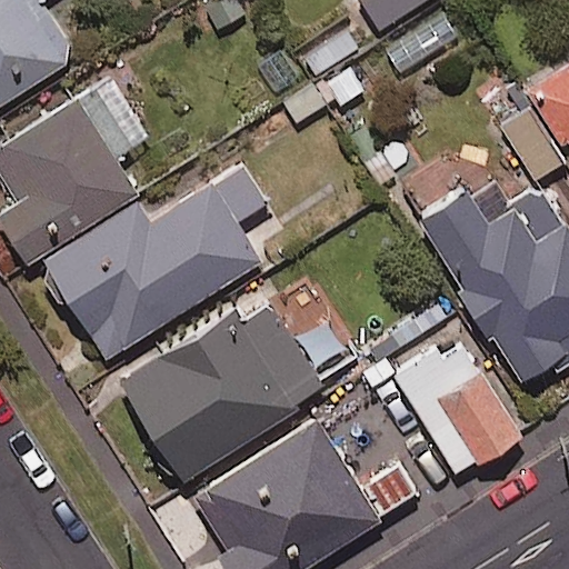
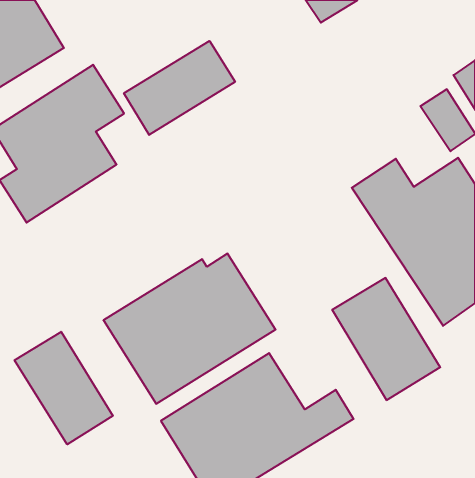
building: none -> [124,41,235,135]
building: [47,164,266,358] -> none
building: none -> [15,332,113,444]

